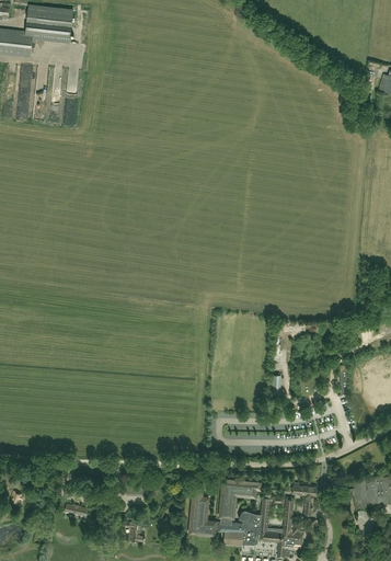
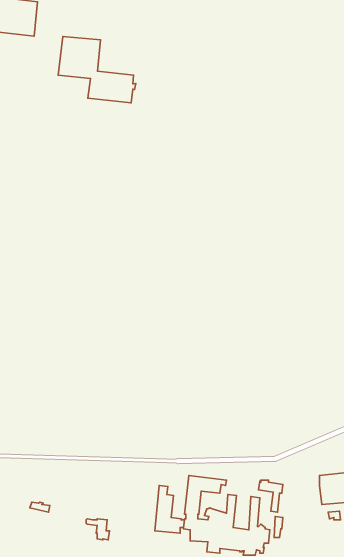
building: none -> [58,36,136,103]

